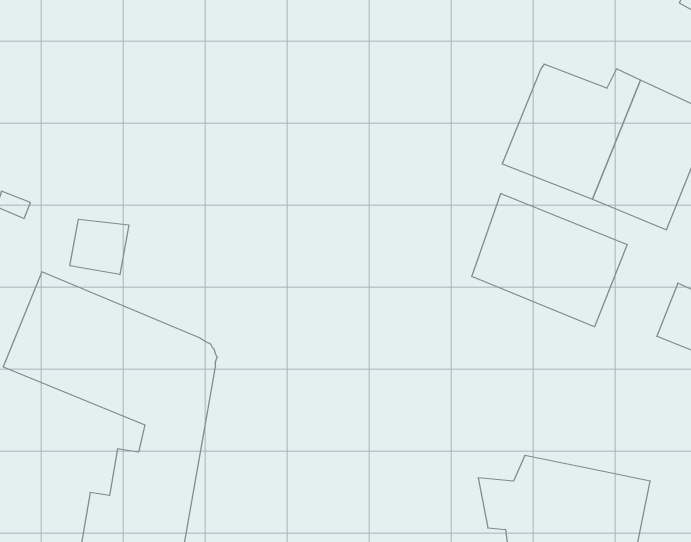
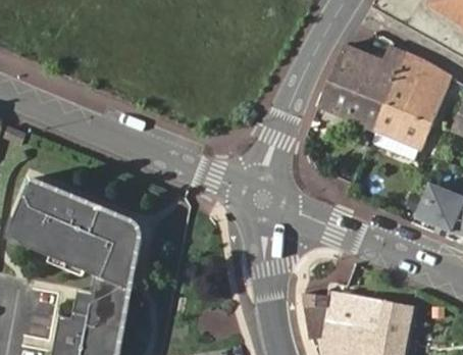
building: [472,193,627,327] -> none
building: [70,219,129,275] -> none

